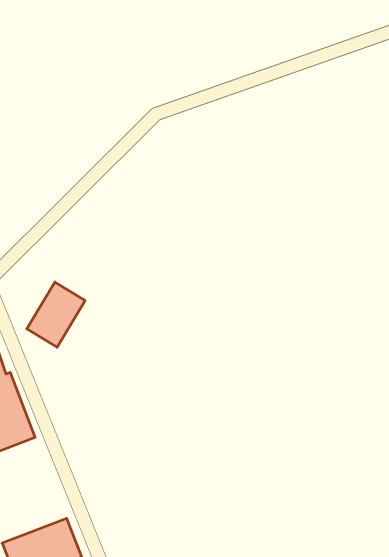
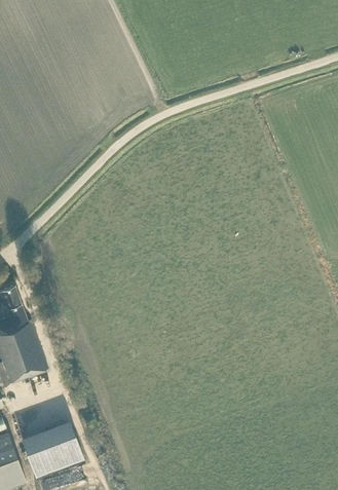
building: [27,282,85,347] -> none

